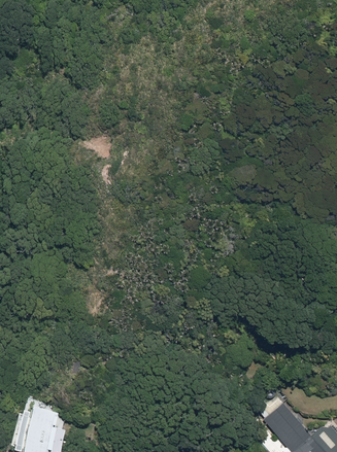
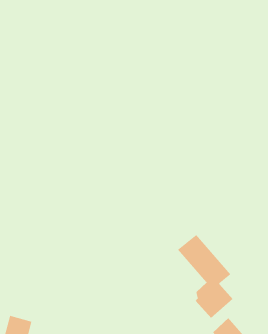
building: none -> [177,234,233,319]

